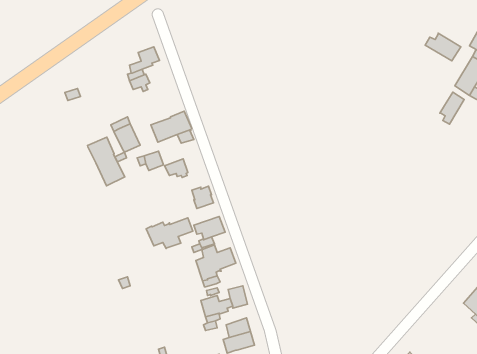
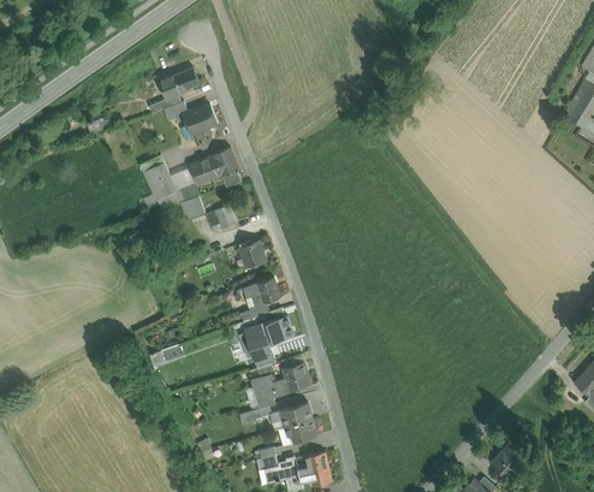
building: [425,33,461,61] -> none
building: none -> [183,103,216,135]
building: [440,92,464,124] -> none
building: [88,137,125,186] -> none
building: [146,218,193,249] -> none

